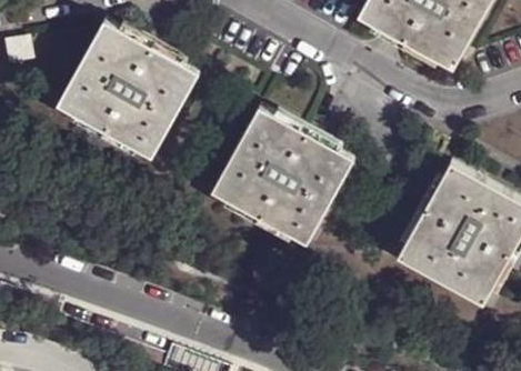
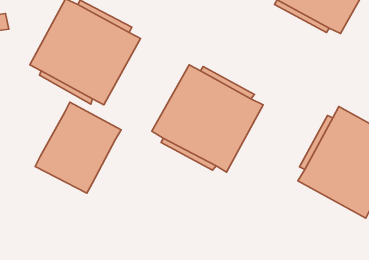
building: none -> [35,102,121,193]

